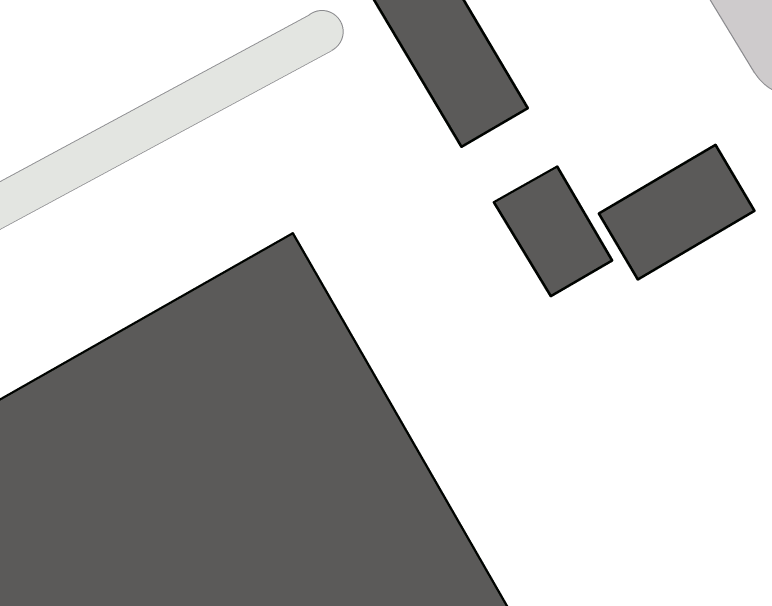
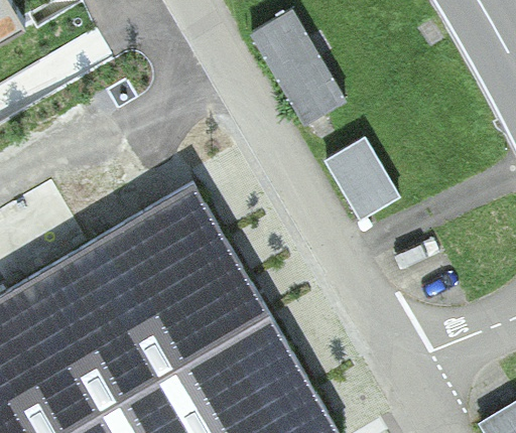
building: [599,145,755,279] -> none

